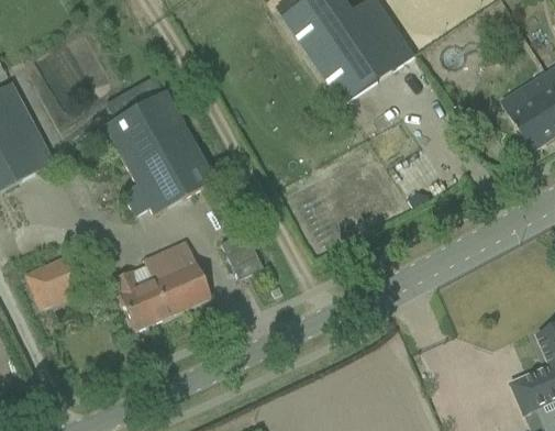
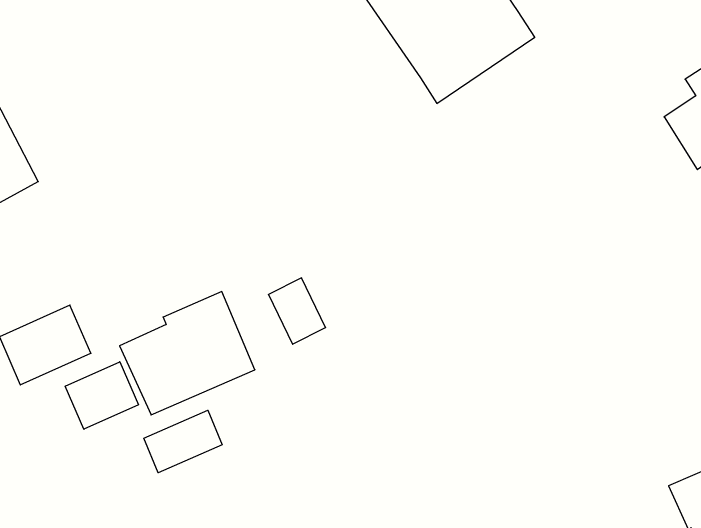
building: [104,73,214,214] -> none
building: none -> [65,362,138,429]
building: none -> [144,410,222,473]

